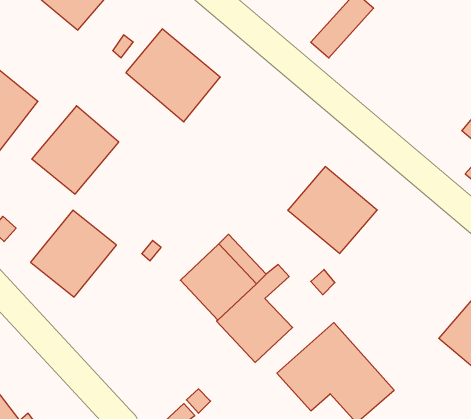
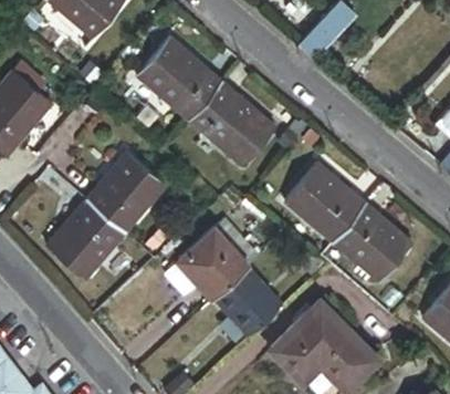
building: none -> [186,79,272,163]
building: [32,106,119,194] -> [84,152,164,232]
building: none -> [328,200,408,279]

